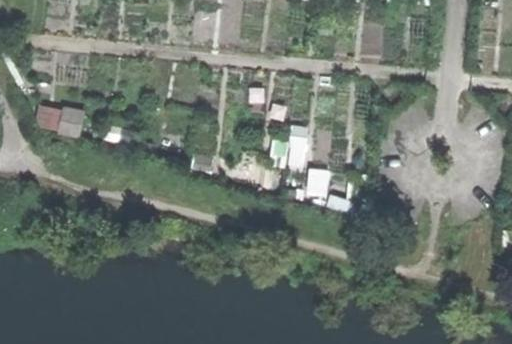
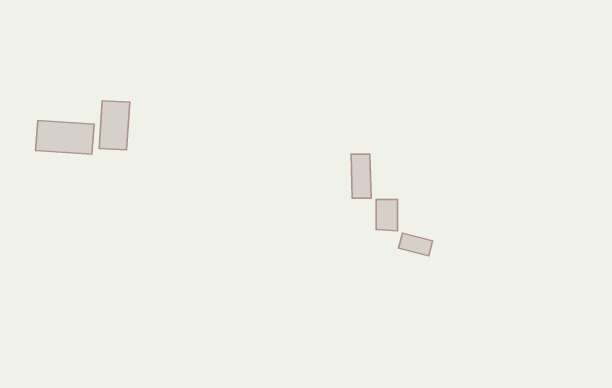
building: none -> [99,101,130,150]

